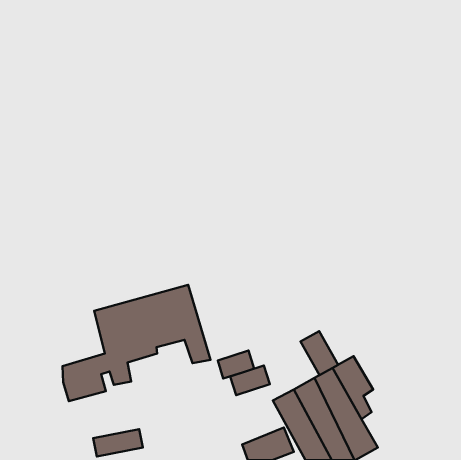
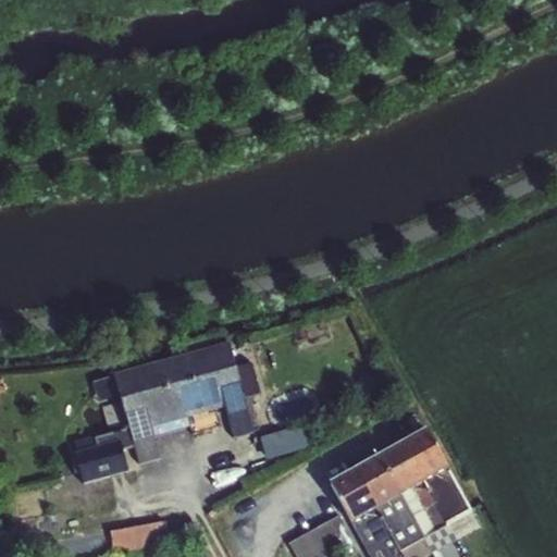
building: [300,331,338,375] -> none
building: [230,366,270,395] -> none

